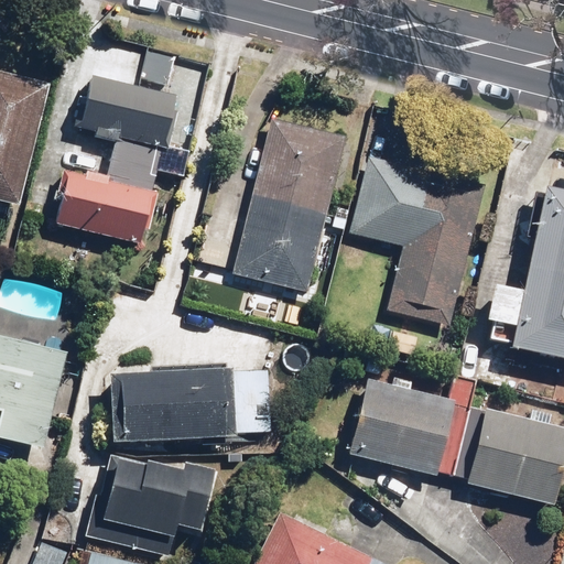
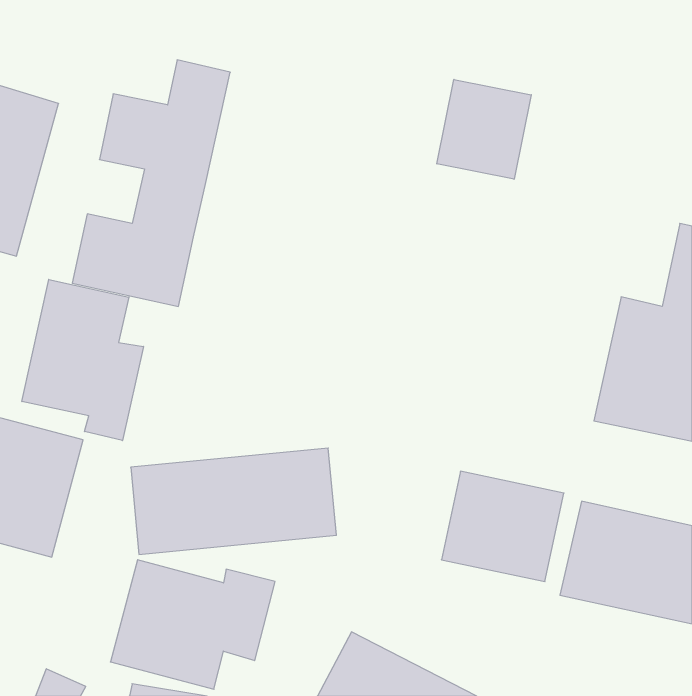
building: none -> [437,79,531,179]
building: [232,116,349,293] -> none
building: [350,158,482,327] -> none
building: none -> [22,279,143,441]

